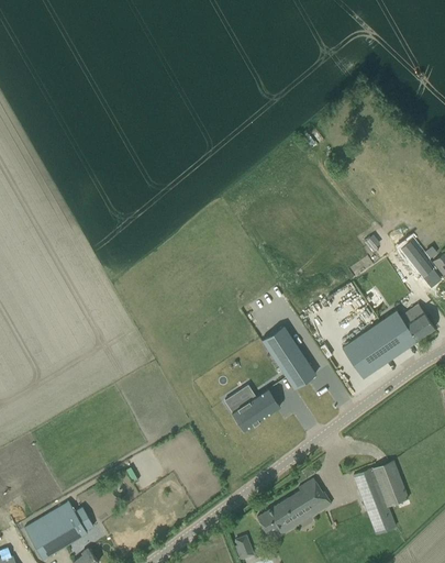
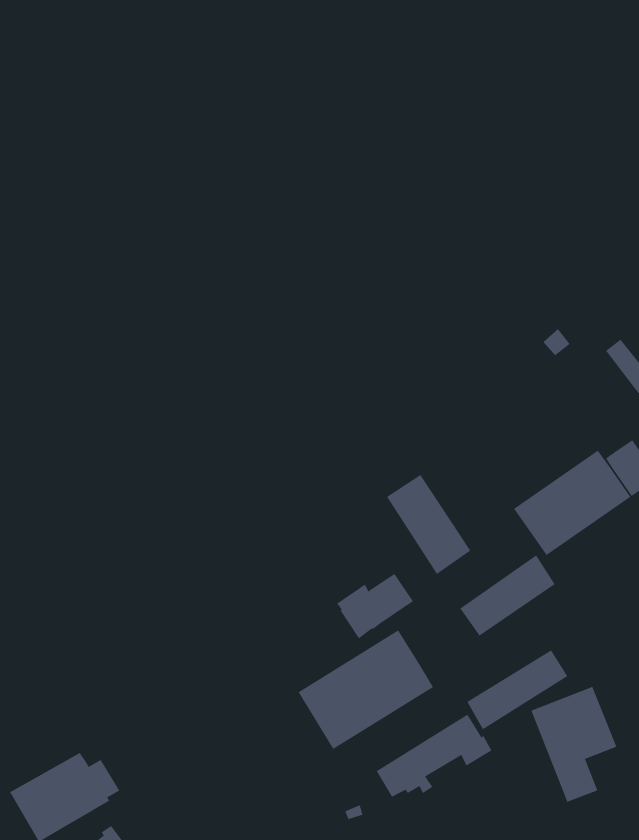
building: none -> [460,554,555,637]
building: none -> [298,629,434,750]
building: none -> [467,649,568,730]

